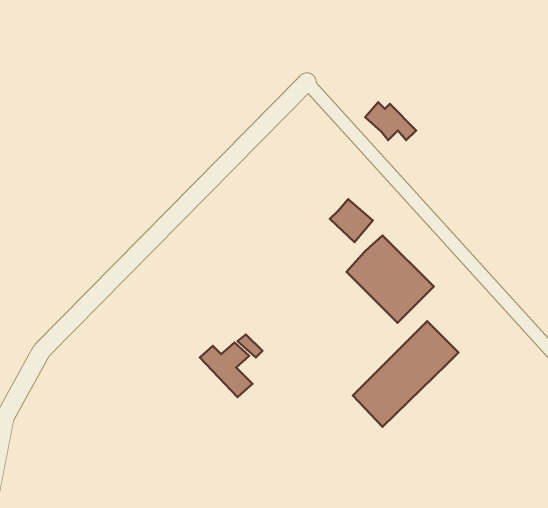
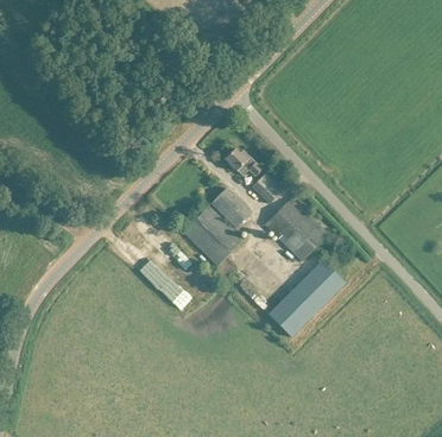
building: [365,102,416,140] -> [225,148,261,176]
building: none -> [183,188,251,265]

